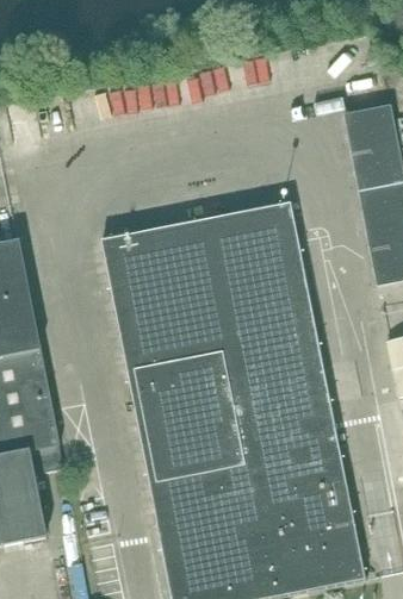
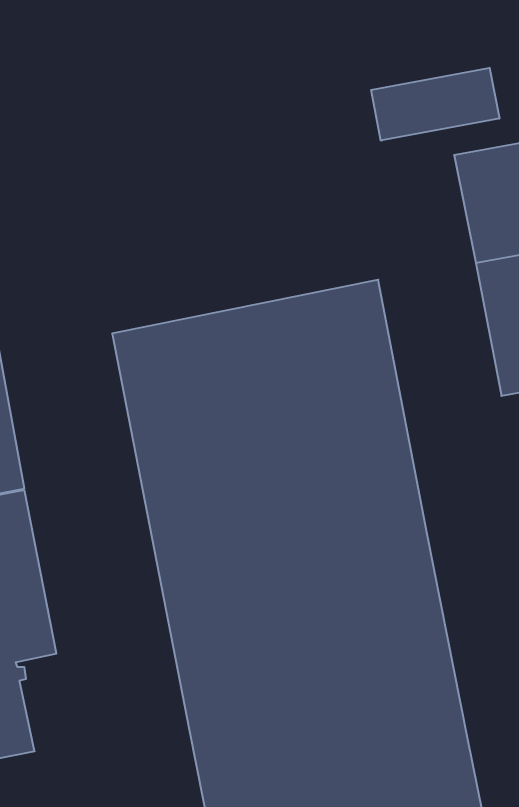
building: none -> [371,68,499,141]

